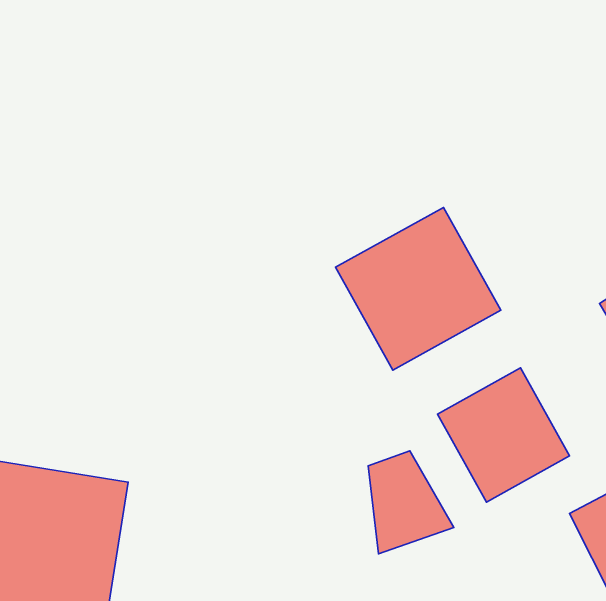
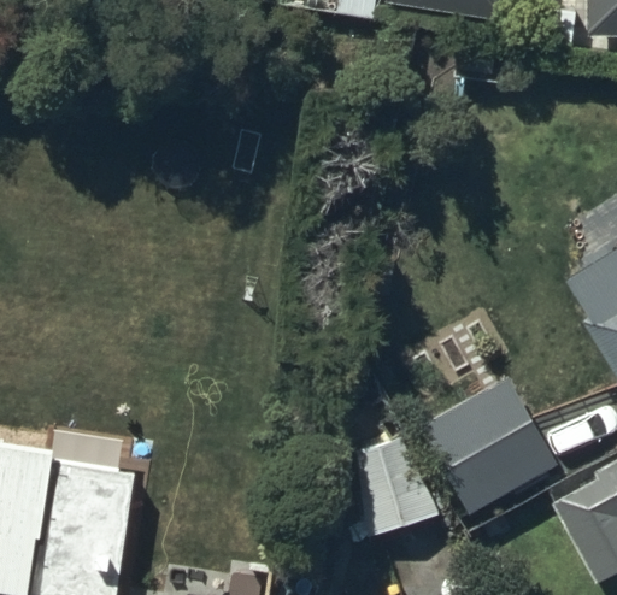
building: [335,207,501,370] -> none

